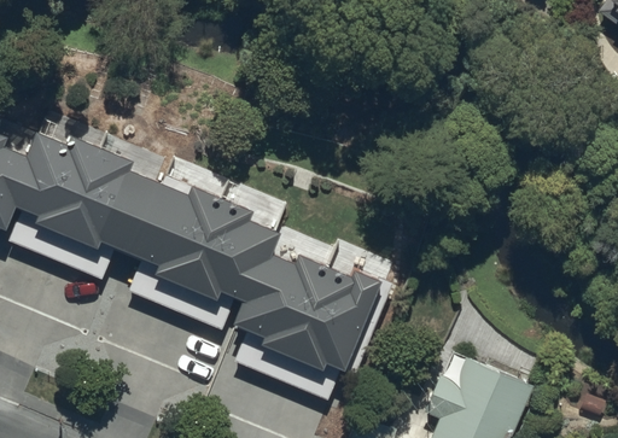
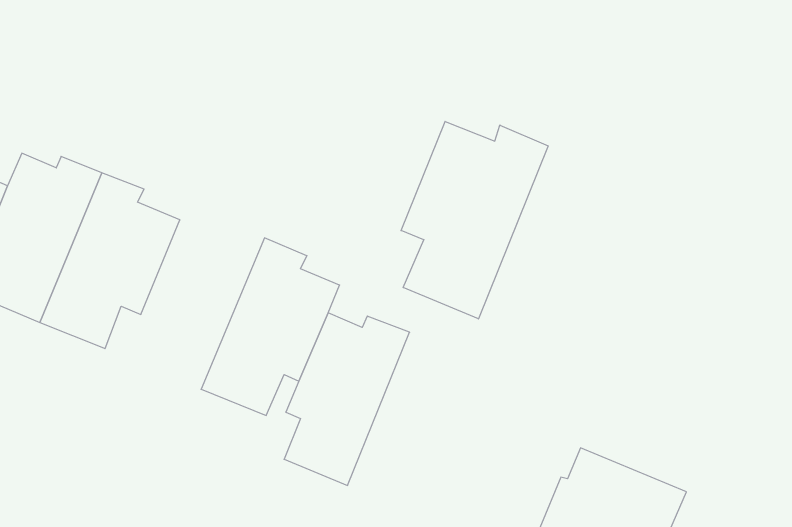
building: none -> [401,121,548,319]
building: [129,173,221,308] -> none
building: [282,265,393,397] -> none

